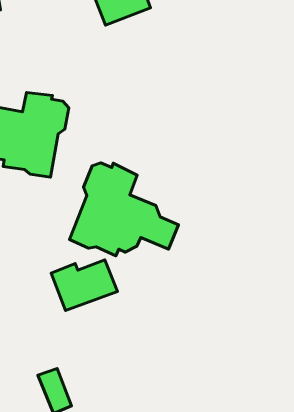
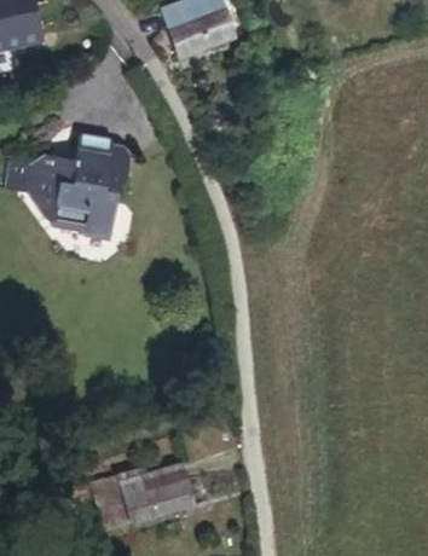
building: [69,163,178,256] -> none
building: [51,260,117,311] -> [116,464,199,528]

